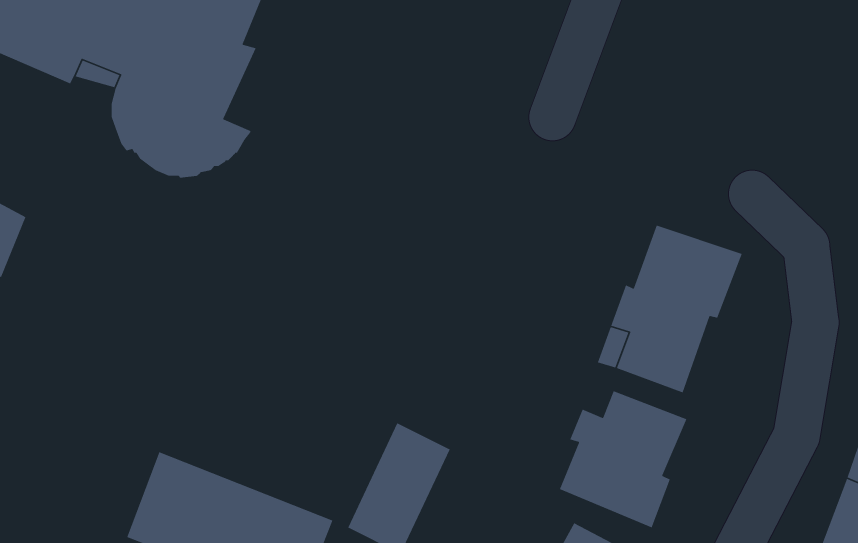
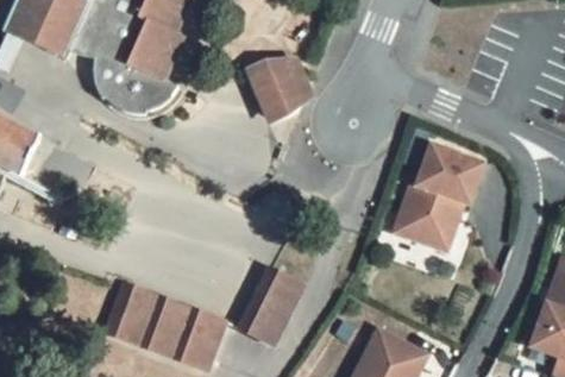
building: none -> [249,56,308,117]
building: [559,390,687,528] -> none

